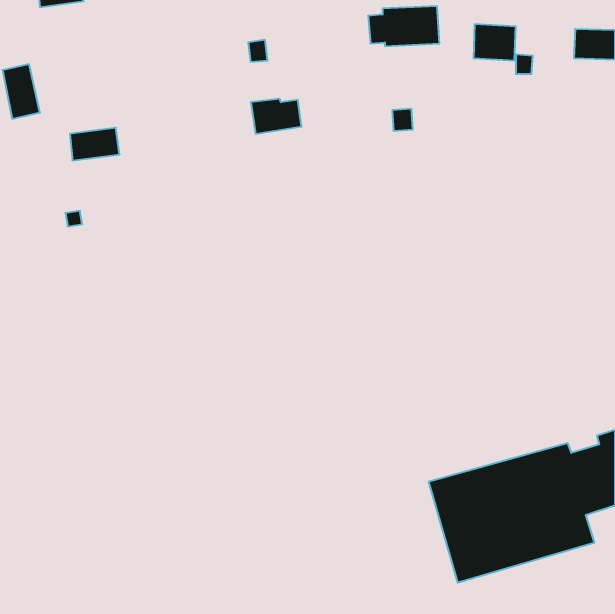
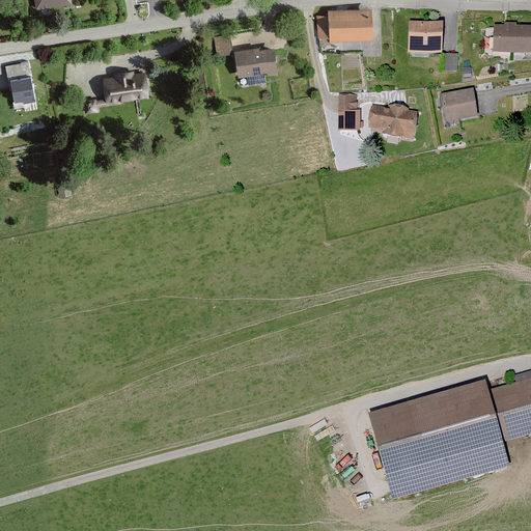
building: [251,99,302,134] -> [235,46,279,76]
building: none -> [441,88,477,119]
building: none -> [367,104,419,139]
building: [70,128,120,160] -> [103,71,145,99]

